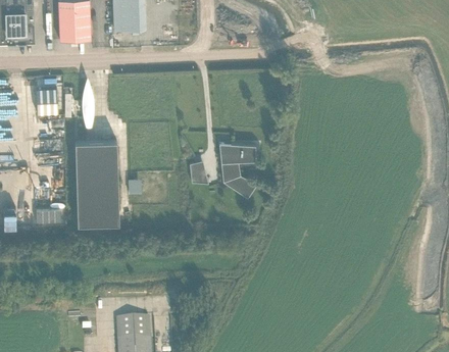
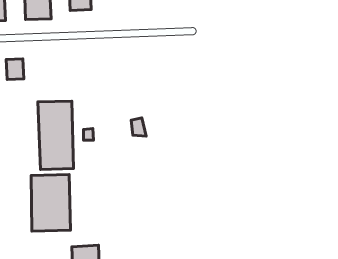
building: [218,145,256,200] -> none
building: none -> [31,174,70,231]

